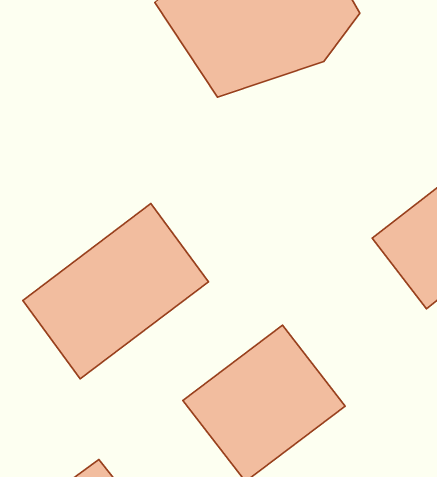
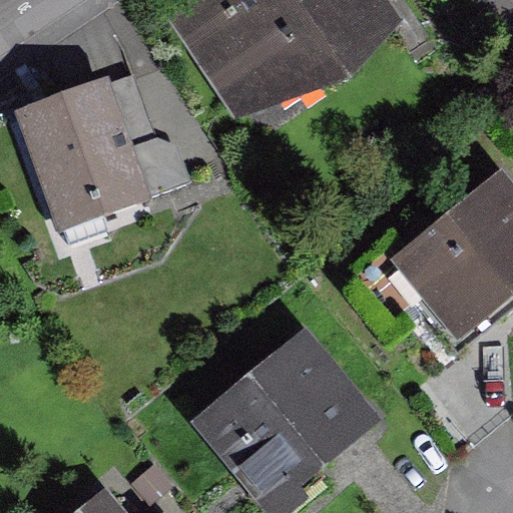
building: none -> [31,70,163,229]
building: [23,204,208,379] -> none

